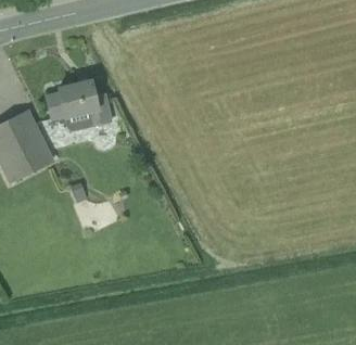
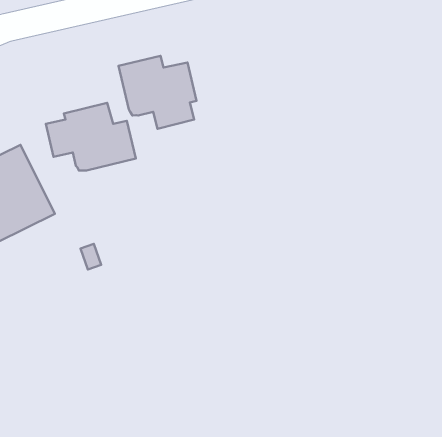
building: none -> [118,56,197,129]

